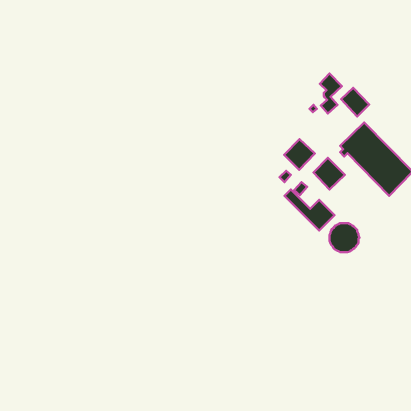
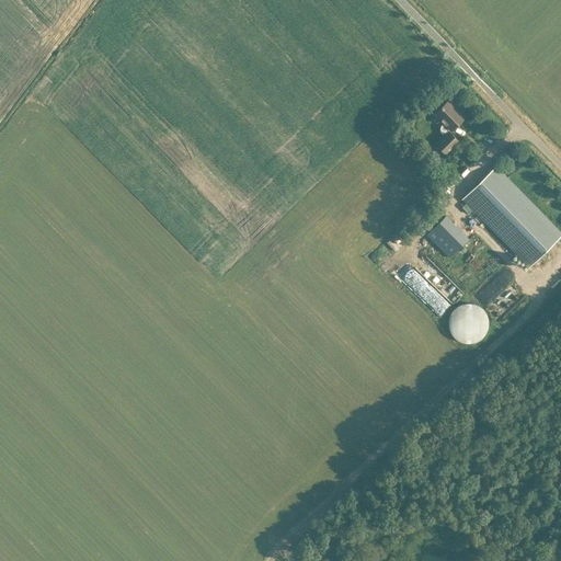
building: [341,88,369,116] -> none
building: [284,139,315,170] -> none

